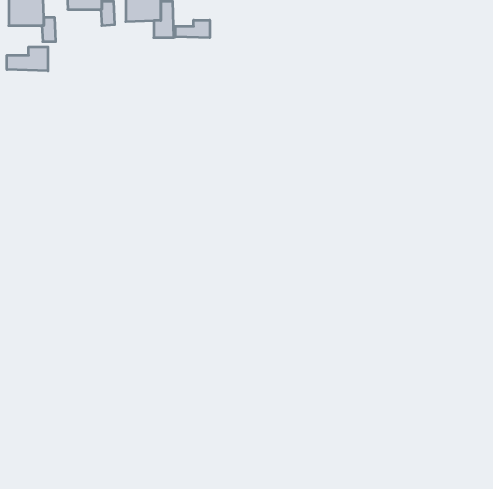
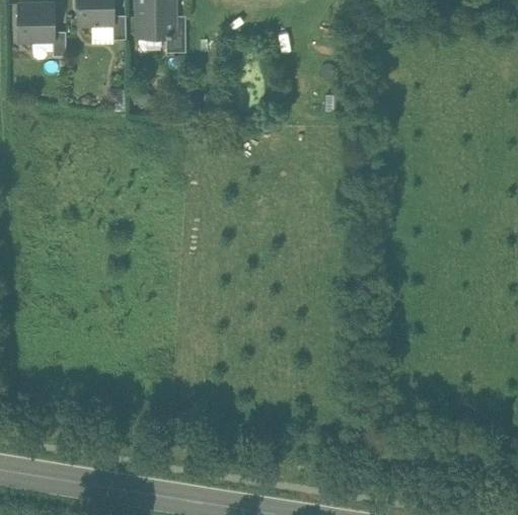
building: [175,20,210,38] -> none
building: [7,47,48,71] -> none

